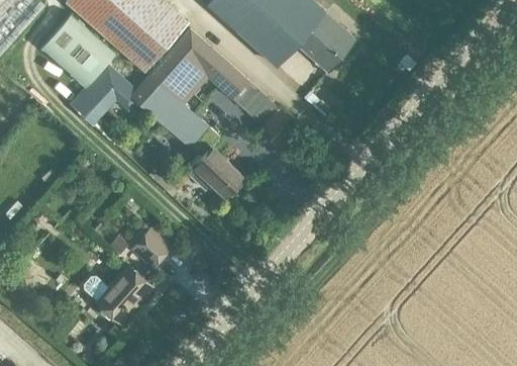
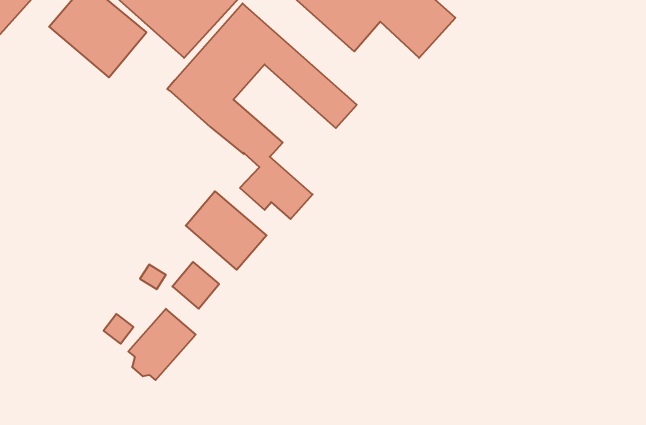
building: [77,72,133,118] -> none
building: none -> [186,191,267,270]

